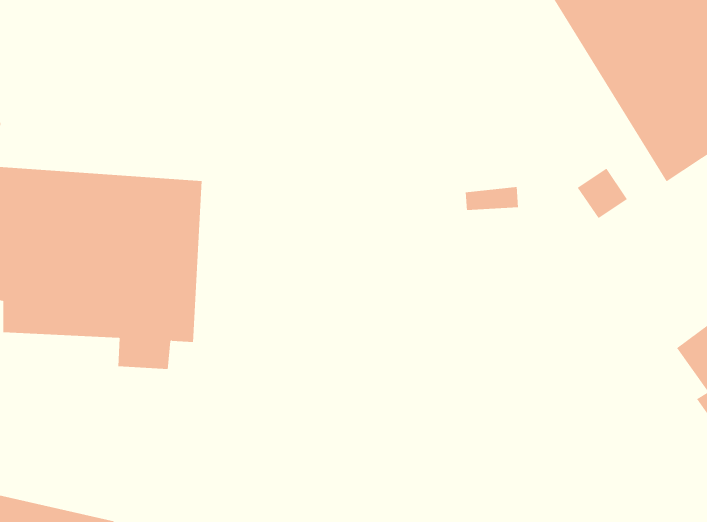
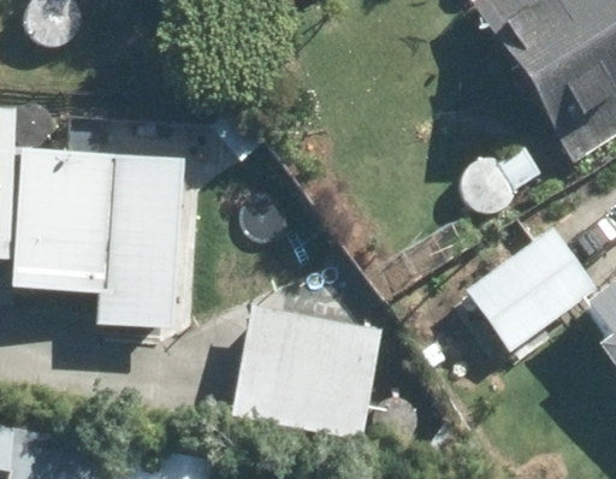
building: none -> [467,226,597,349]
building: none -> [231,307,381,442]

